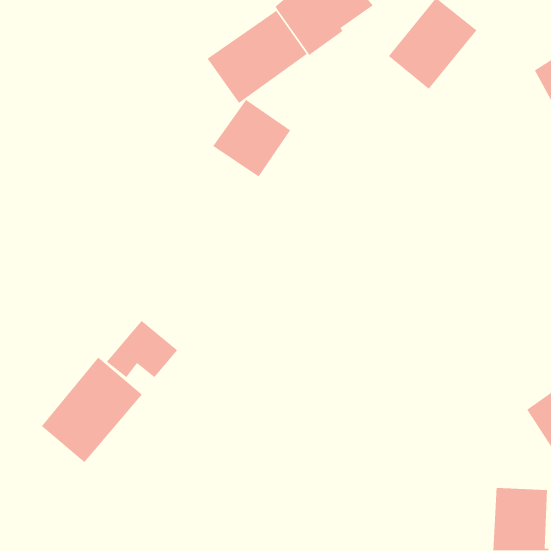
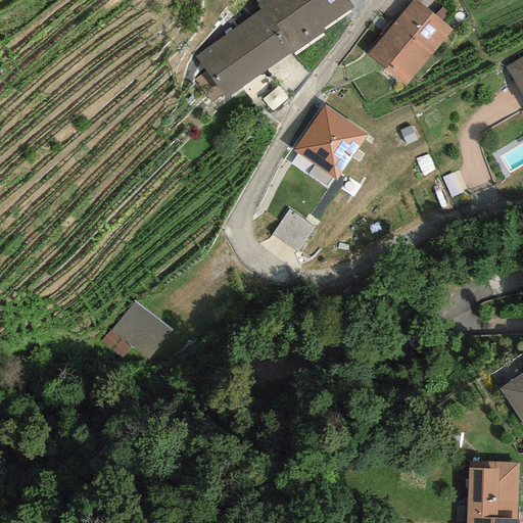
building: [212,99,291,178] -> [293,104,368,179]
building: none -> [273,211,315,252]
building: [41,356,143,463] -> none

